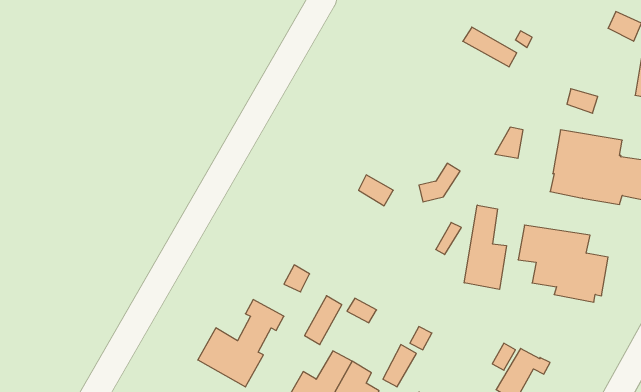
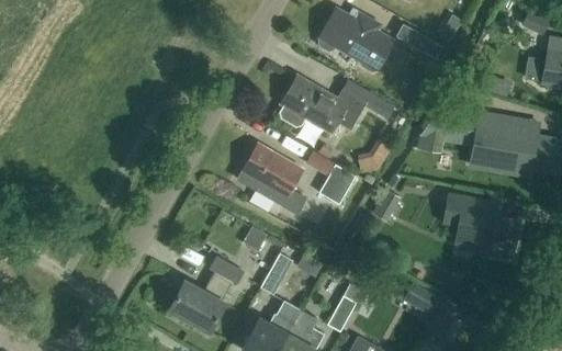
building: none -> [318,9,394,72]
building: none -> [280,75,394,133]
building: none -> [237,144,306,214]
building: none -> [319,163,356,203]
building: [464,205,506,289] -> none

